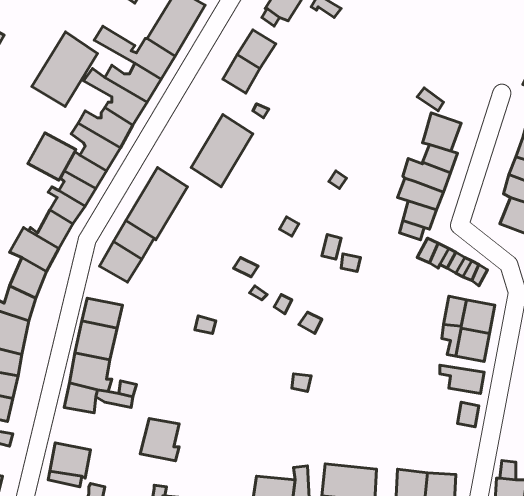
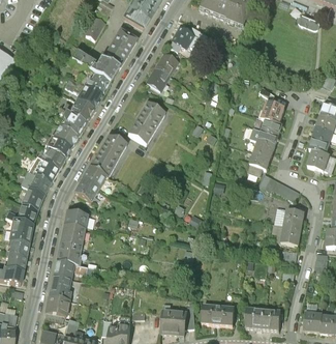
building: [32,32,98,107] -> none
building: [28,133,76,180] -> none
building: [140,418,179,461] -> [48,273,70,297]

